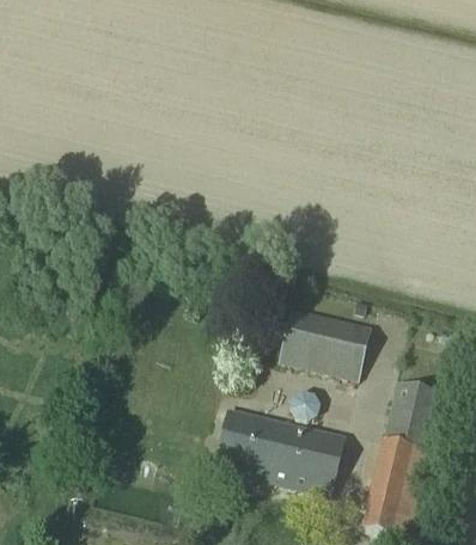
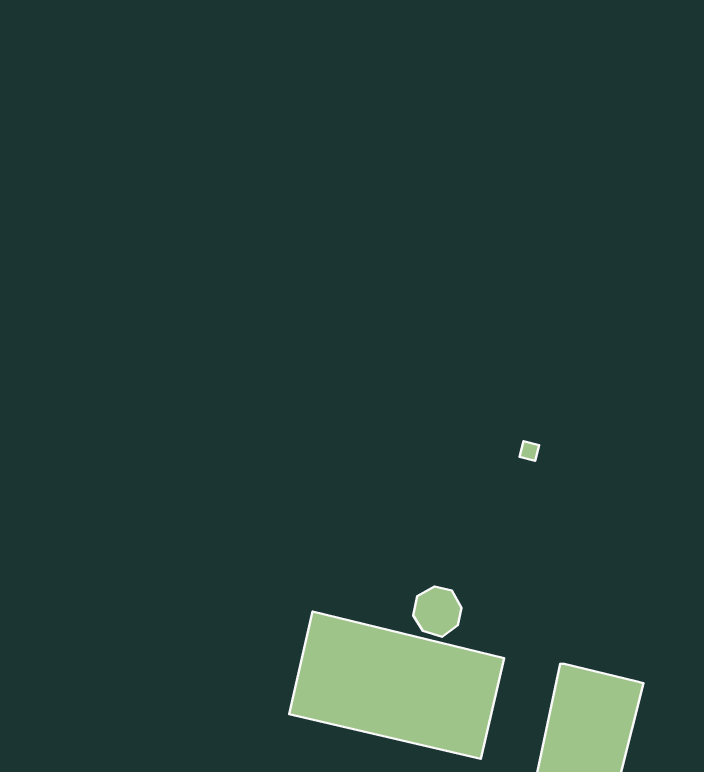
building: [279,307,372,381] -> none
building: [383,381,440,451] -> none

